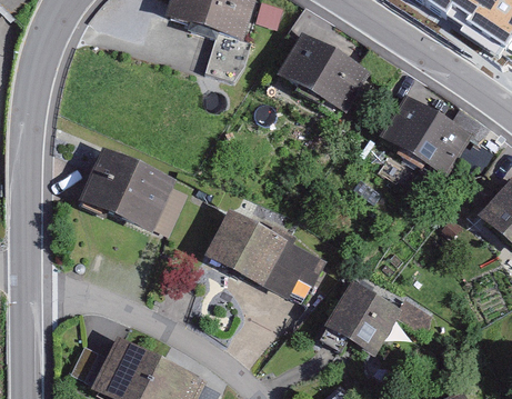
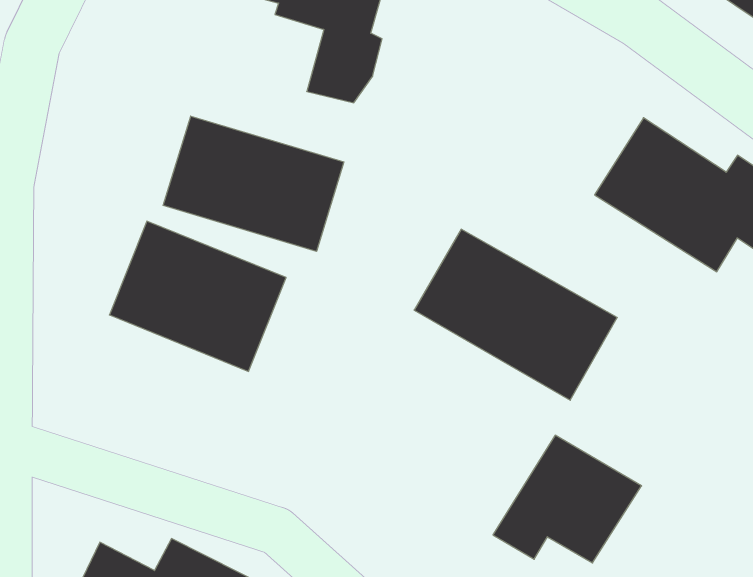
building: [277,31,369,111] -> none
building: none -> [163,116,344,251]
building: [209,212,329,313] -> [414,229,617,400]

